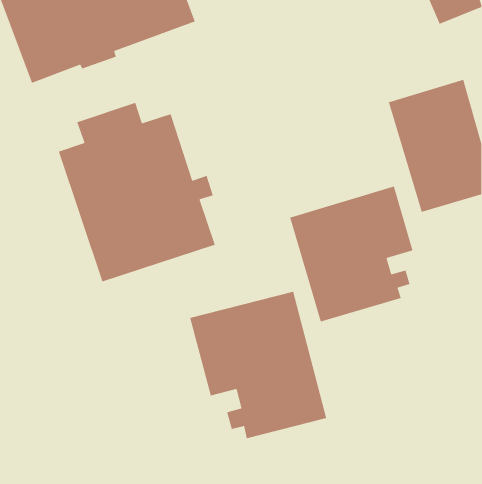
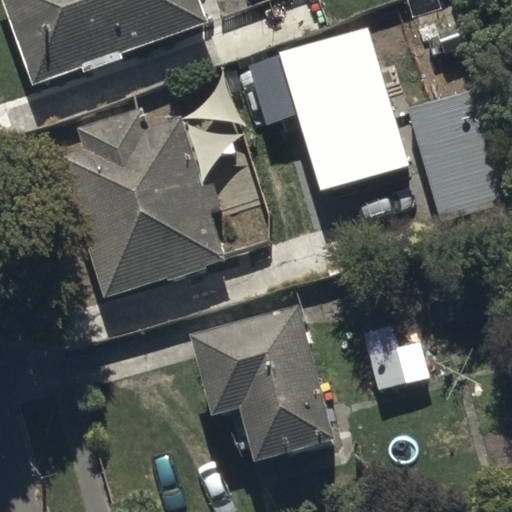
building: none -> [243,25,404,190]
building: [289,185,413,323] -> none

